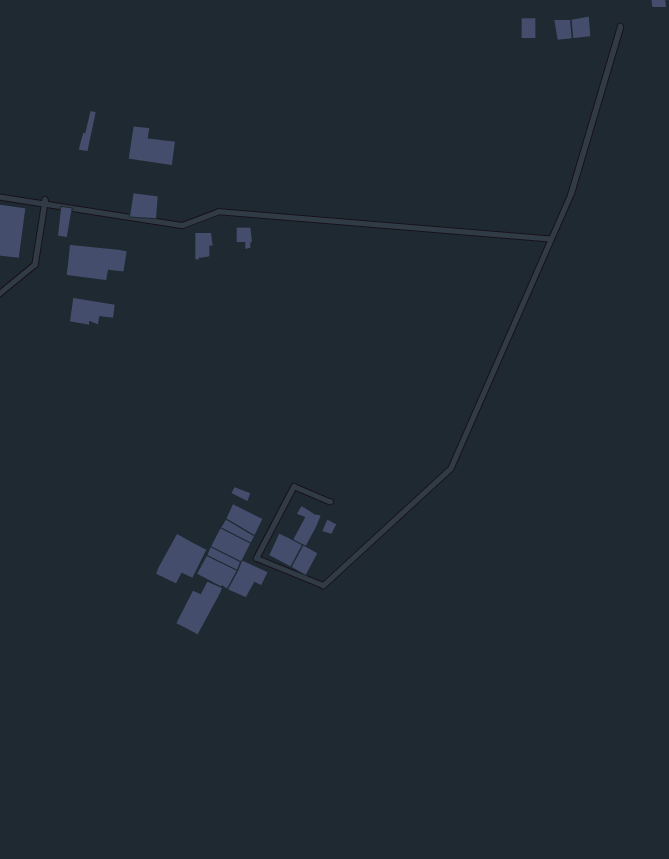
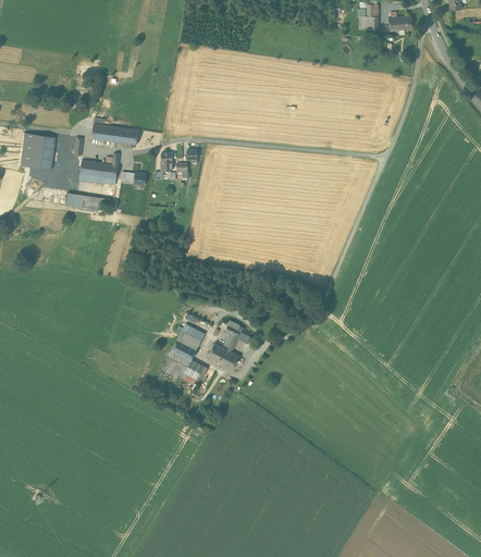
building: [128,126,176,166] -> [91,117,122,143]
building: [155,533,207,584] -> none
building: [175,581,223,635] -> none

